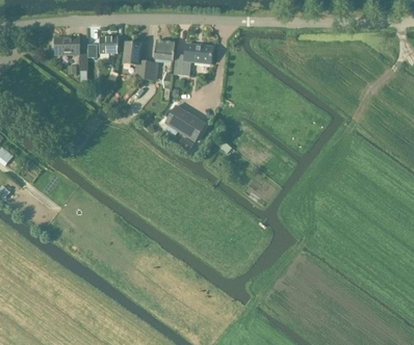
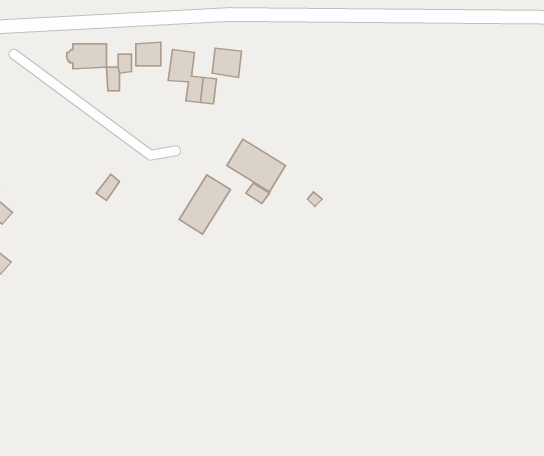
building: [174,43,213,75] -> none
building: none -> [179,175,230,234]

